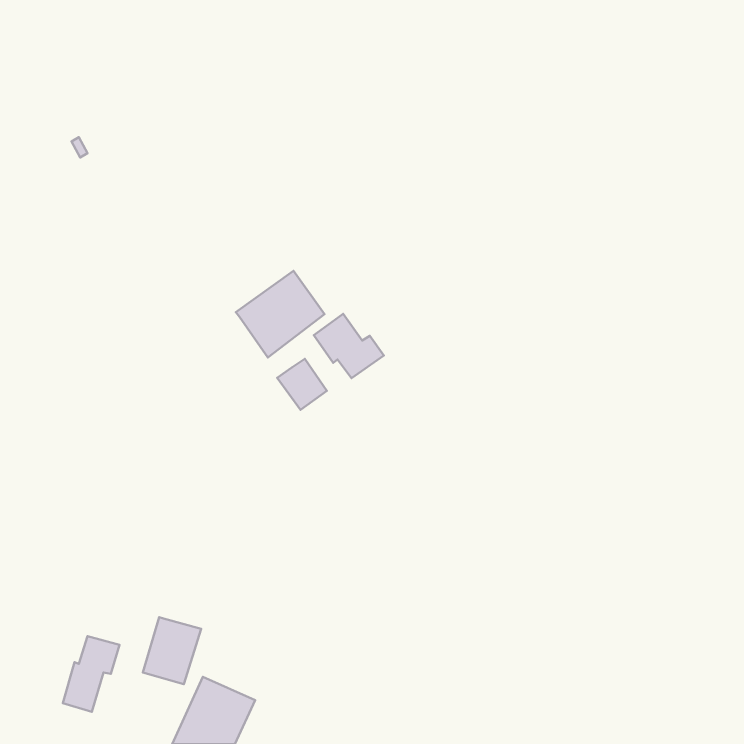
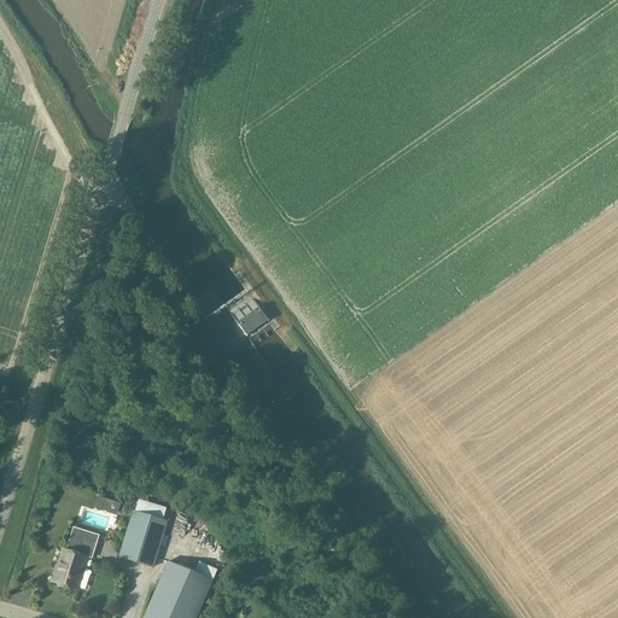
building: [236,271,325,357] -> none
building: [314,314,384,378] -> none

